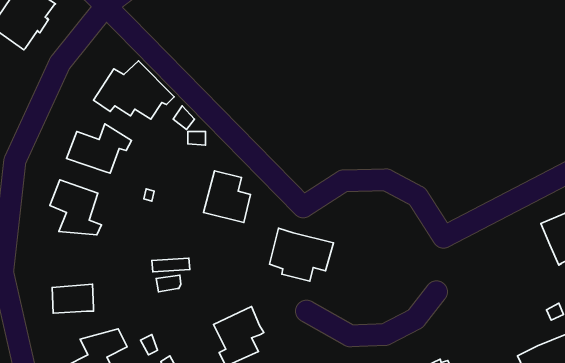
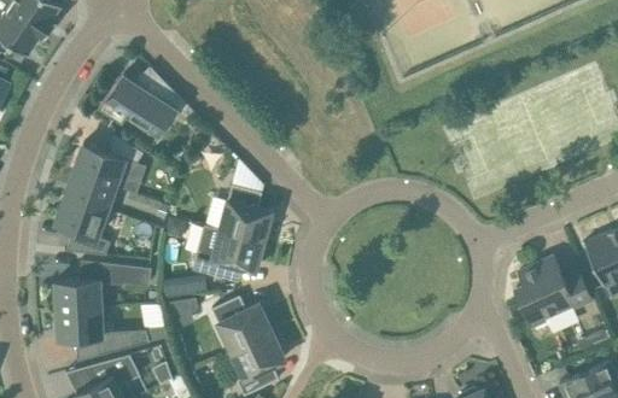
building: none -> [65,172,115,210]
building: [269,228,333,281] -> [194,226,263,282]
building: none -> [515,257,590,327]
building: none -> [54,261,124,311]
building: none -> [211,295,272,351]
building: none -> [94,330,148,357]

